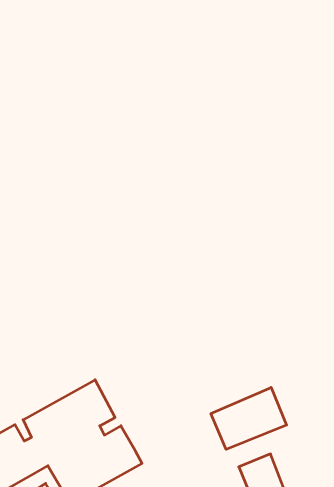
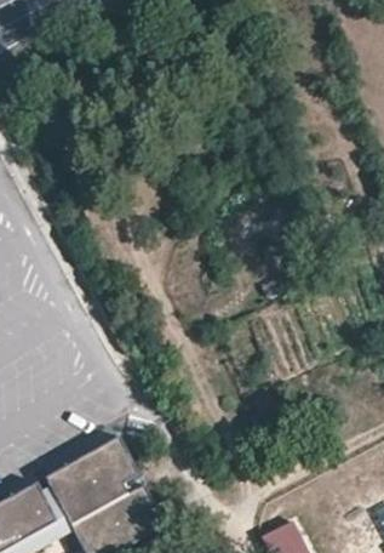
building: [211,387,287,449] -> none

